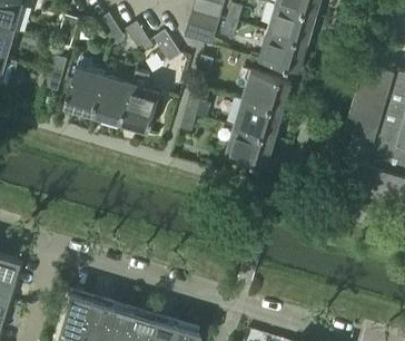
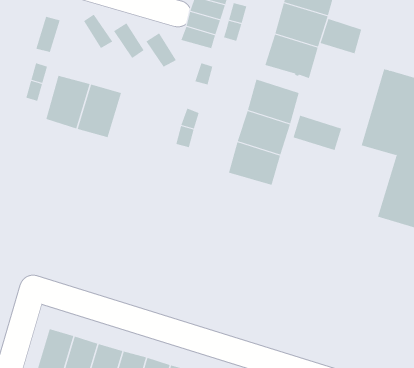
building: none -> [320,18,362,54]
building: [119,71,159,131] -> none
building: none -> [293,115,342,151]

